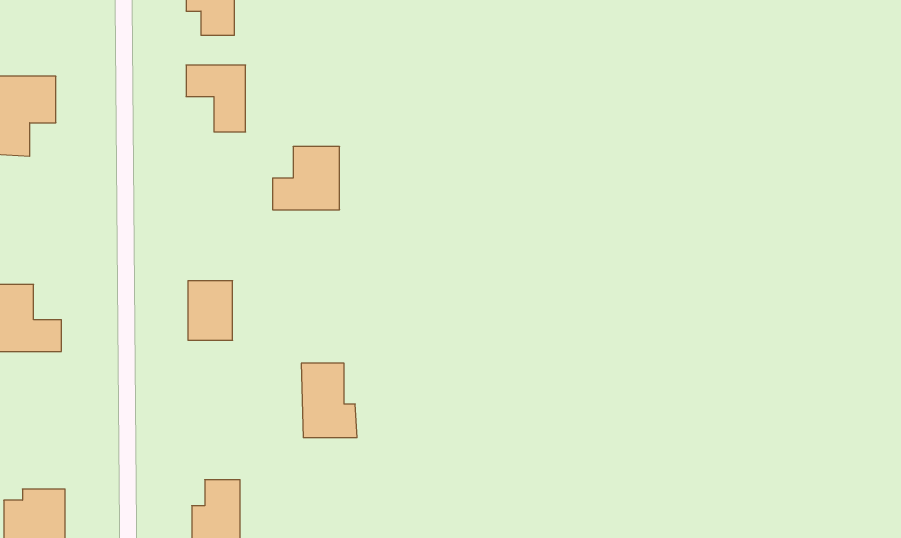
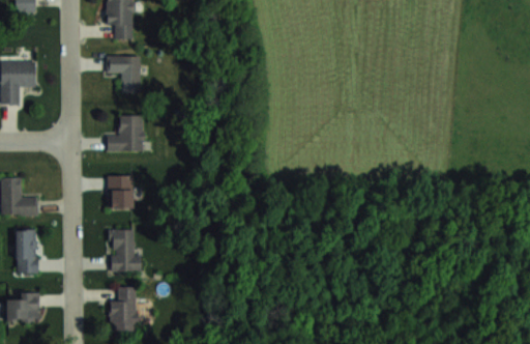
building: [273,147,340,210] -> [107,116,144,151]
building: [301,363,357,438] -> [110,230,141,271]
building: none -> [16,230,37,274]

